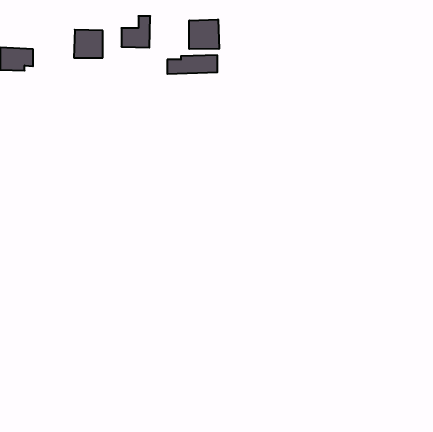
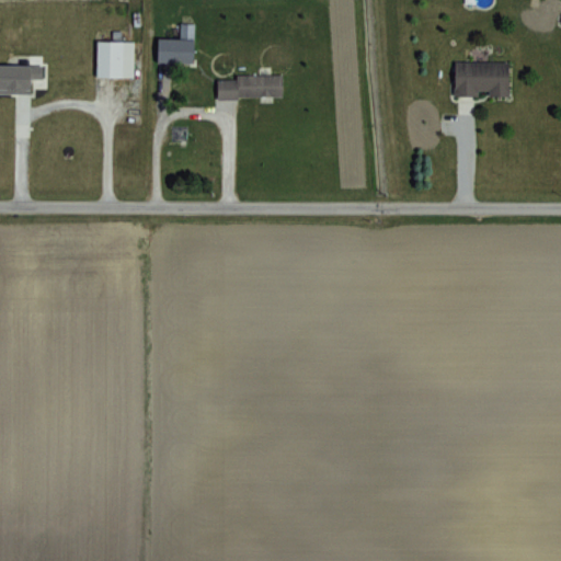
building: [189,19,219,49] -> none
building: none -> [455,61,510,96]

